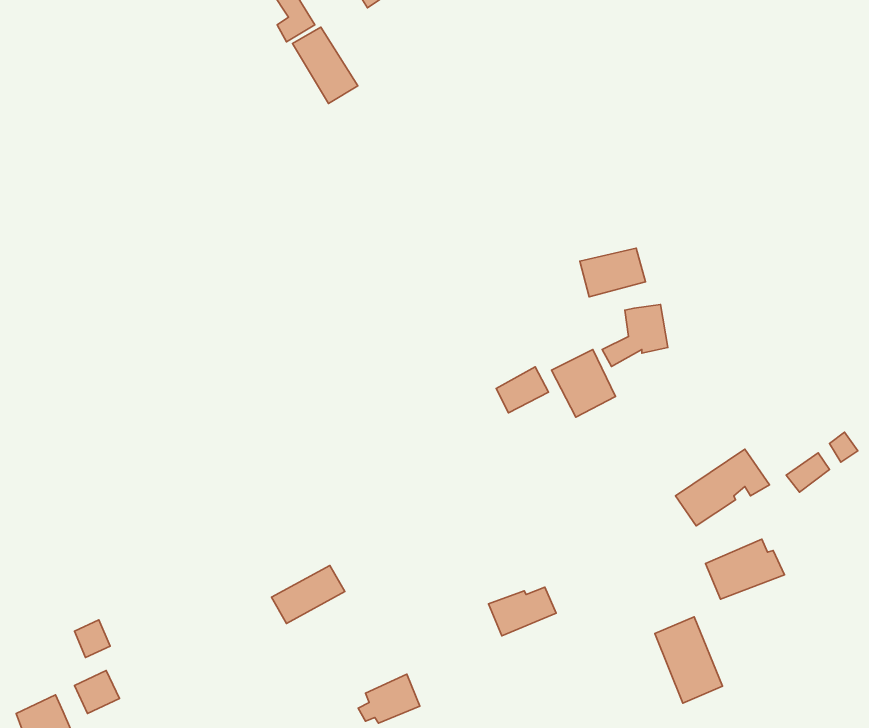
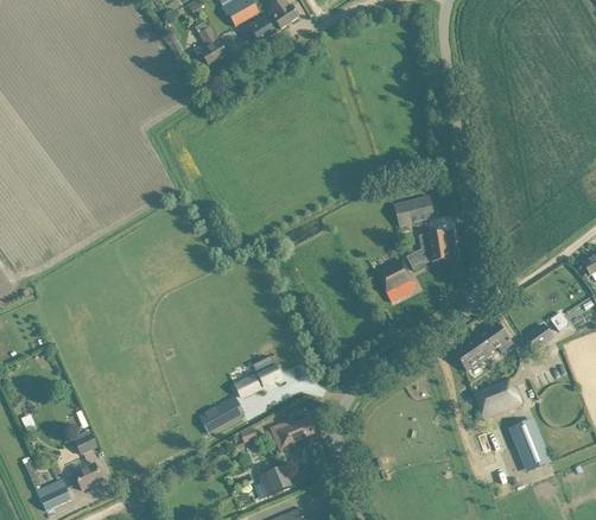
building: [293,27,358,104] -> none
building: [496,367,549,413] -> none
building: none -> [235,356,281,395]
building: [489,587,556,636] -> [271,417,313,448]
building: [655,617,722,703] -> [508,417,551,471]

